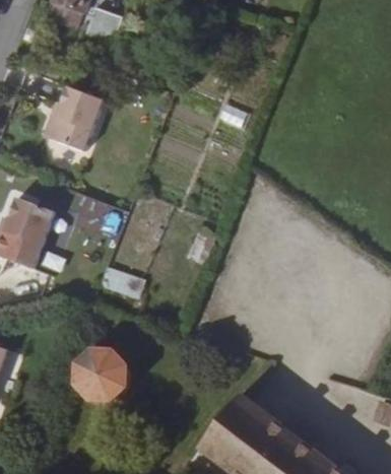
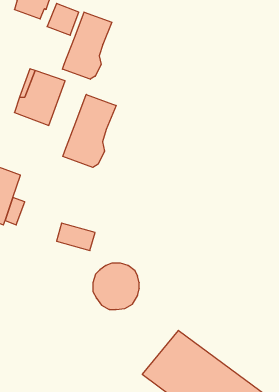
building: none -> [62,12,112,79]
building: none -> [63,94,116,167]
building: [74,346,129,401] -> [93,263,139,309]

